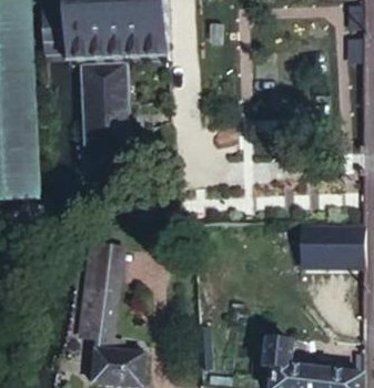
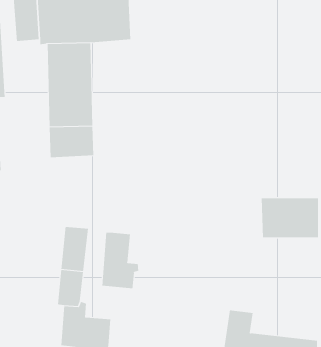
building: none -> [102,232,139,289]

